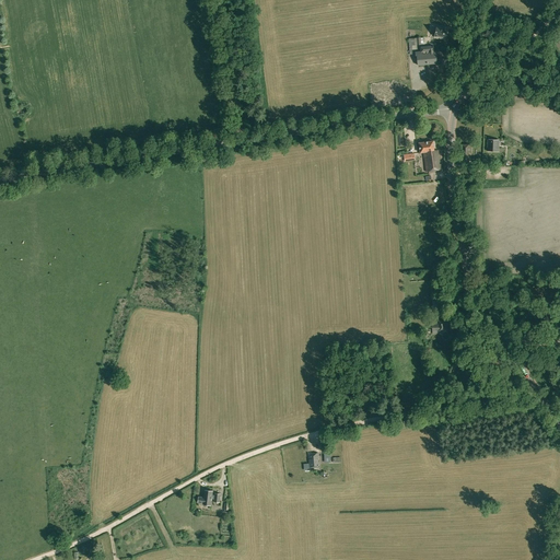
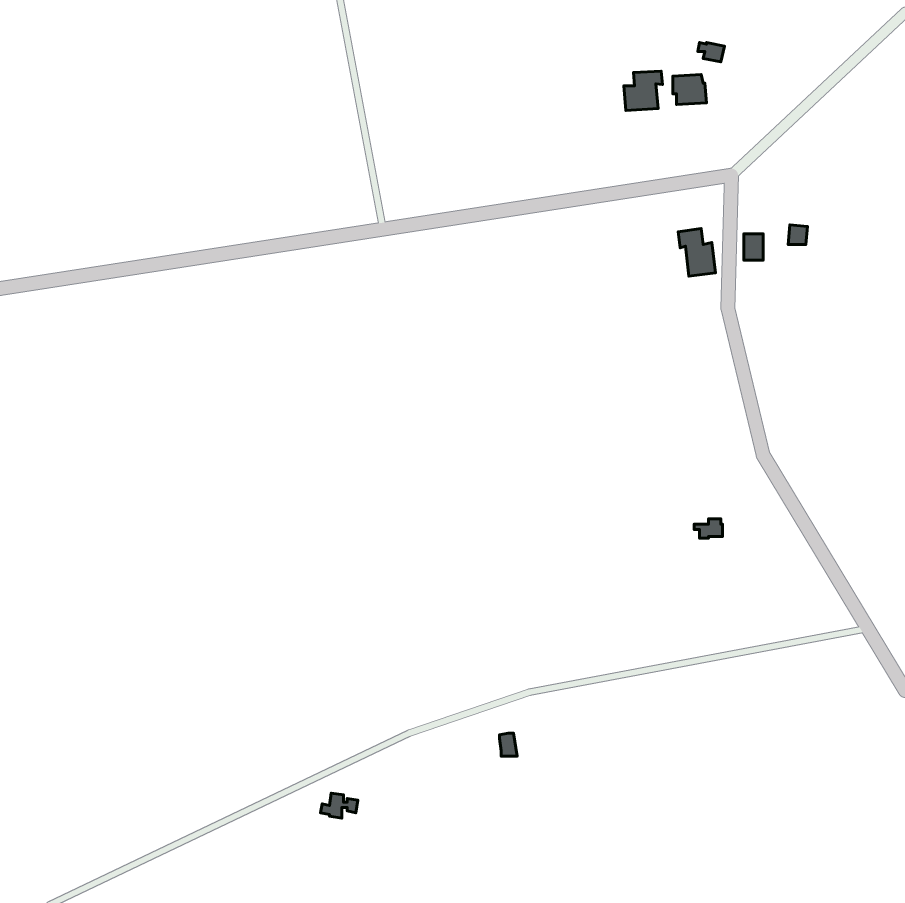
building: none -> [624,71,663,111]

